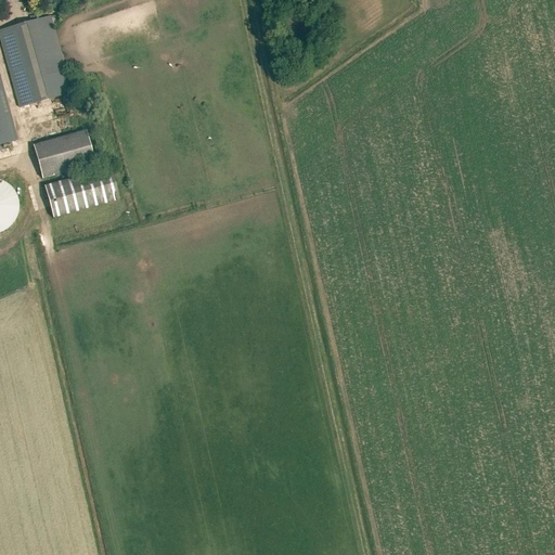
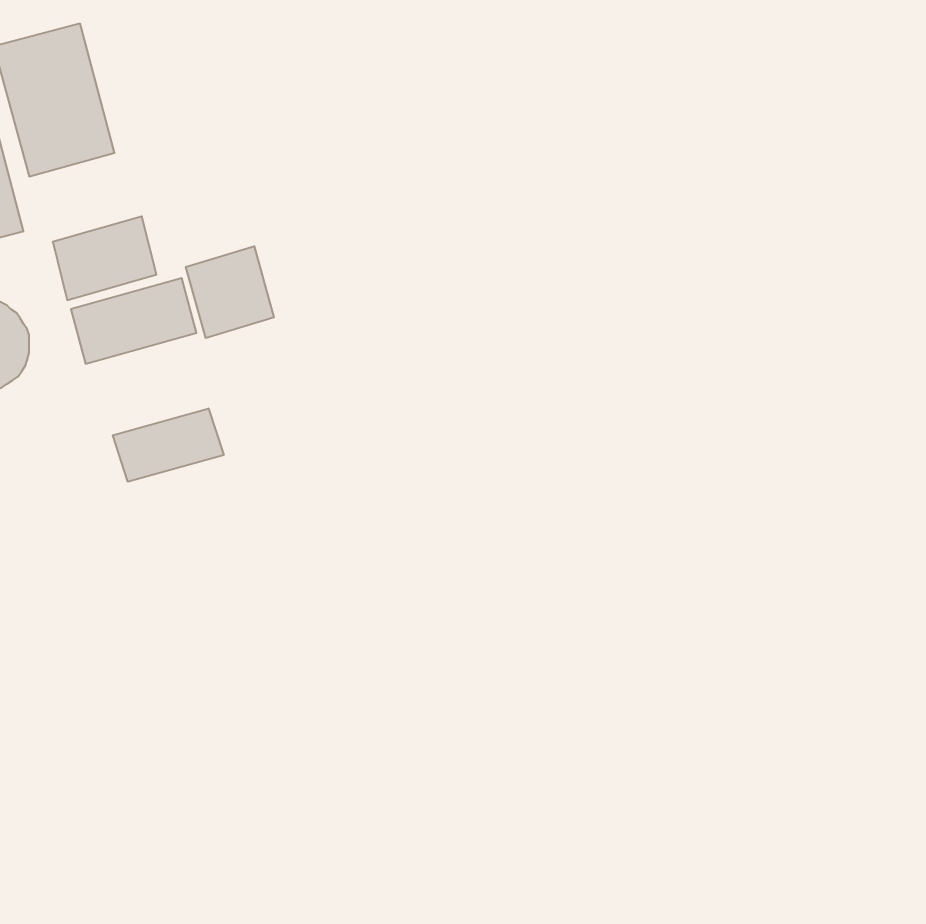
building: none -> [186,246,274,338]
building: none -> [113,408,224,482]

